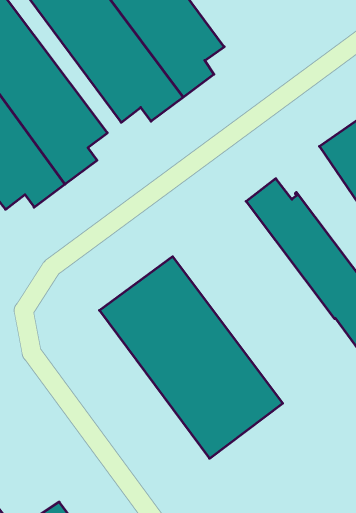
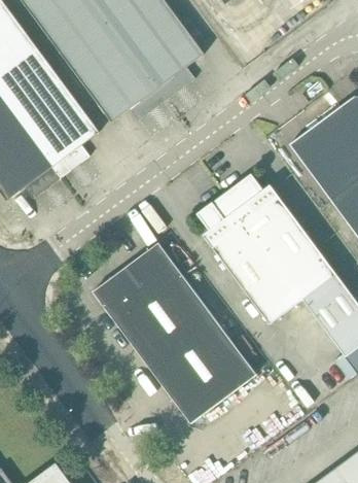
building: none -> [198,194,303,324]

